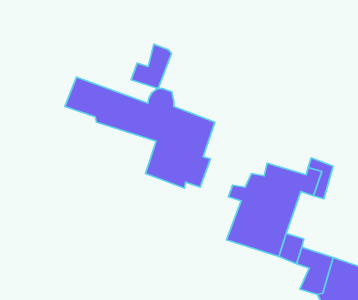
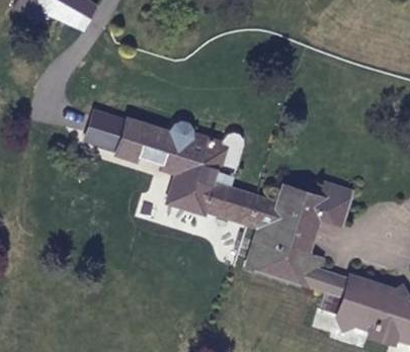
building: [131,44,171,89] -> none
building: none -> [221,186,270,223]

